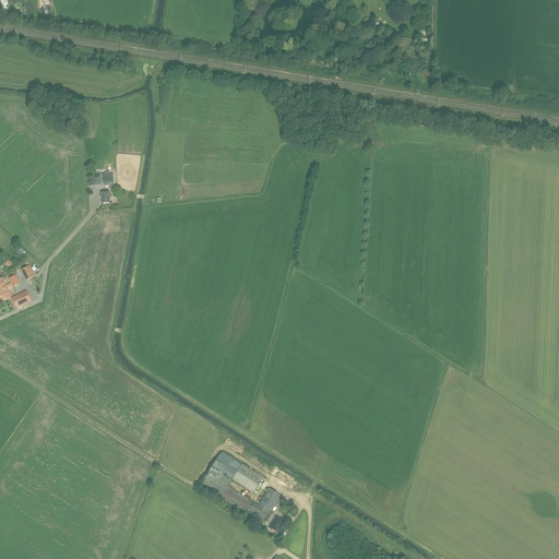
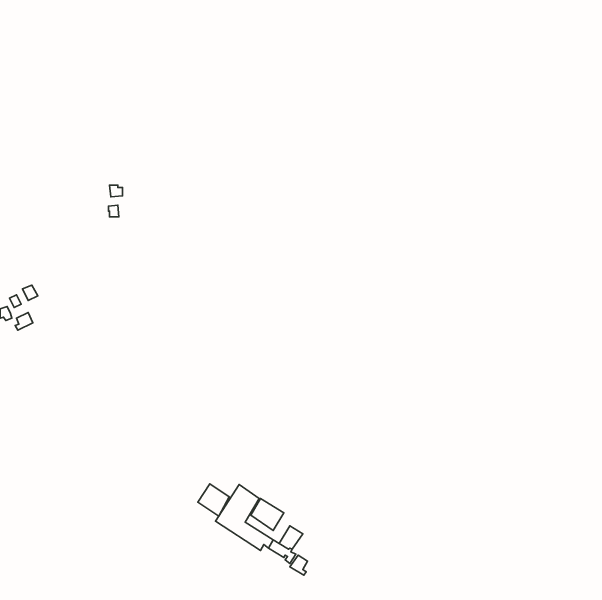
building: none -> [198,484,229,516]

